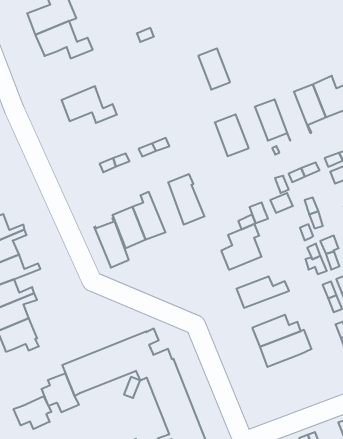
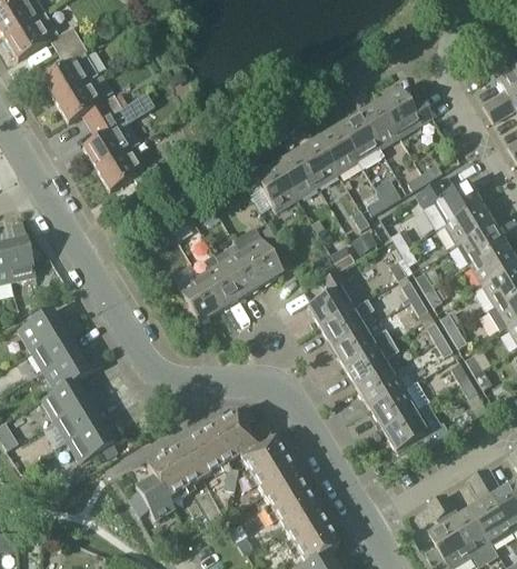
building: [198,48,230,90] -> [297,138,338,186]
building: none -> [82,104,141,168]
building: none -> [338,113,385,169]
building: none -> [253,163,296,211]
building: [94,218,129,268] -> [213,240,259,297]
building: none -> [319,298,375,347]
building: none -> [344,339,398,388]
building: none -> [381,408,449,452]
building: [14,396,51,429] -> none

